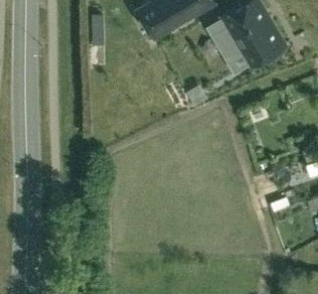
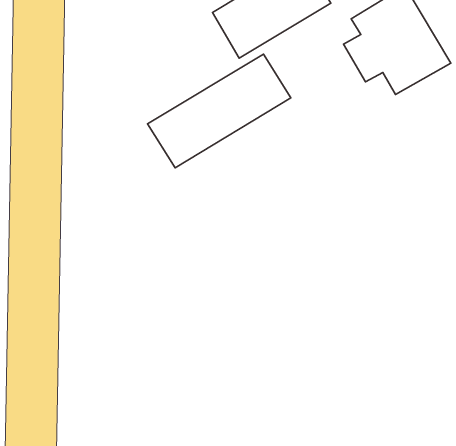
building: none -> [148,54,291,168]

